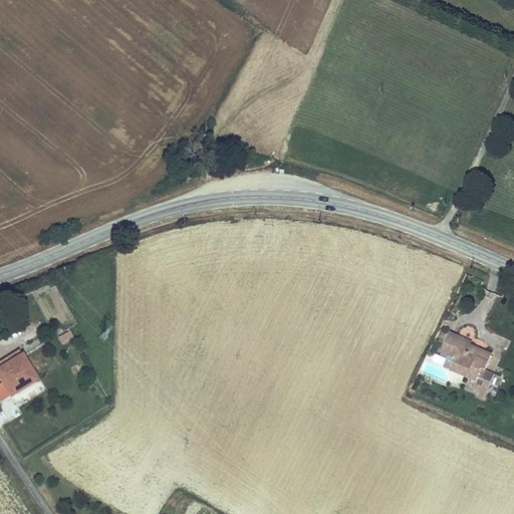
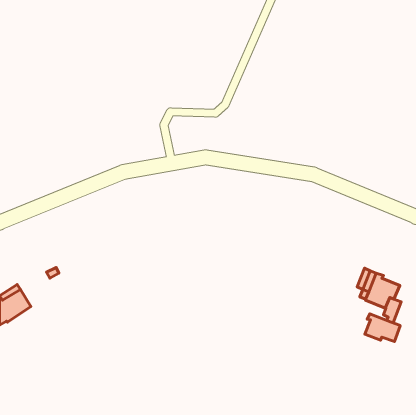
building: none -> [365,314,400,341]

